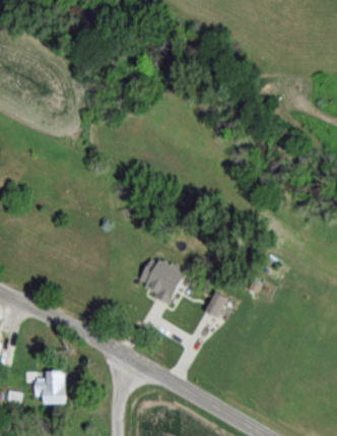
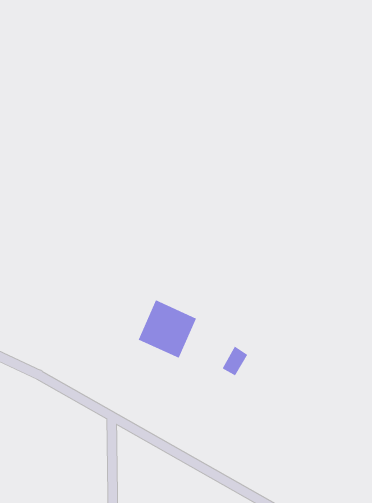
building: [36,371,65,404] -> none

